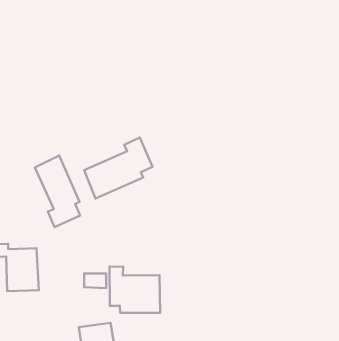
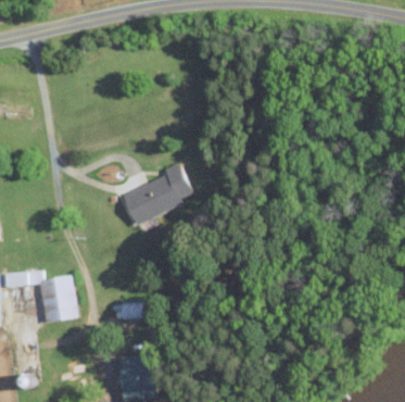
building: [35,156,80,227] -> none
building: [110,267,160,313] -> none

